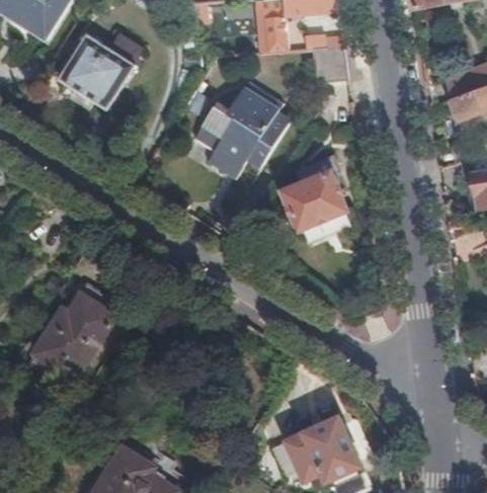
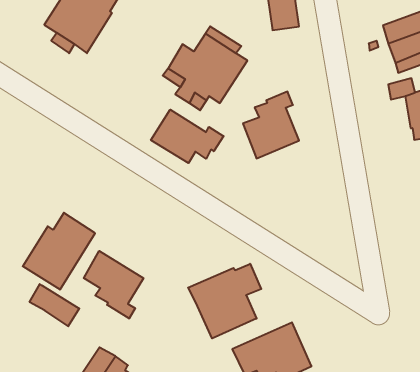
building: none -> [151,110,224,163]
building: none -> [84,251,143,319]
building: none -> [188,264,261,338]
building: none -> [30,284,79,326]

